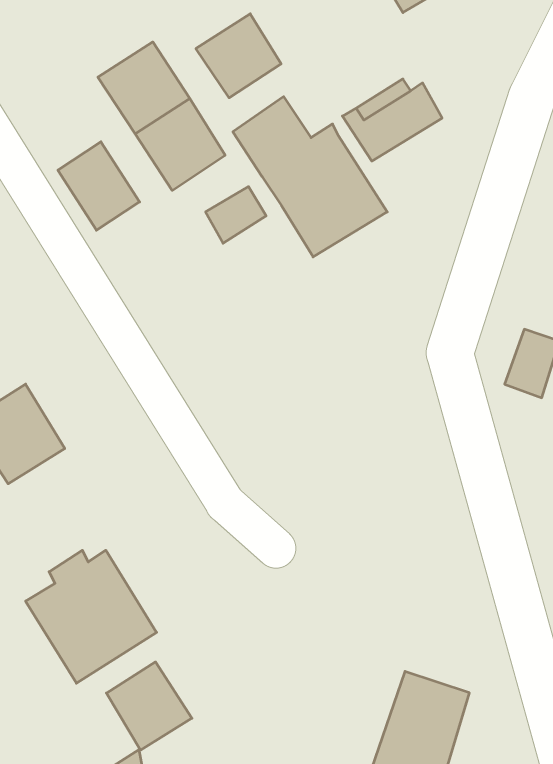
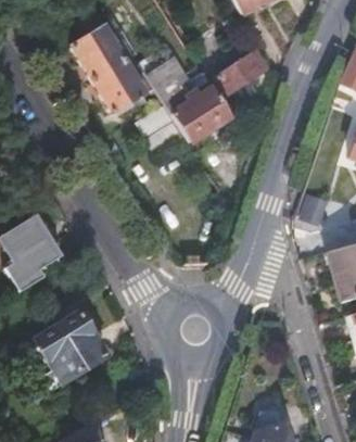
building: [196,14,281,98] -> none
building: [58,142,140,230] -> none
building: [106,662,192,750] -> none

